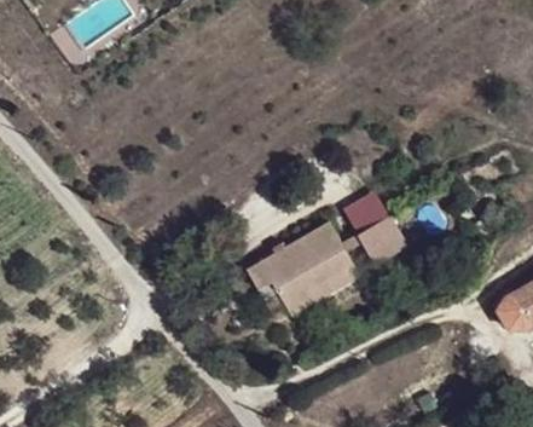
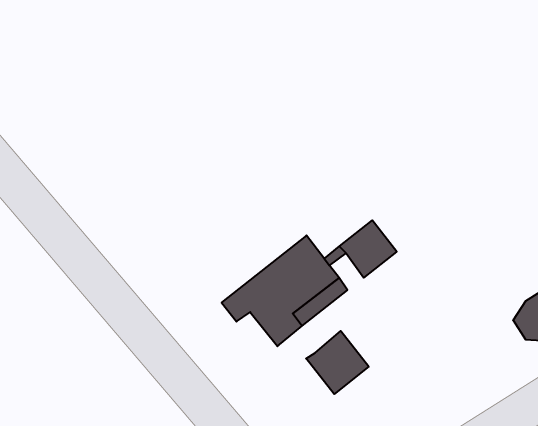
building: none -> [306,331,369,394]

